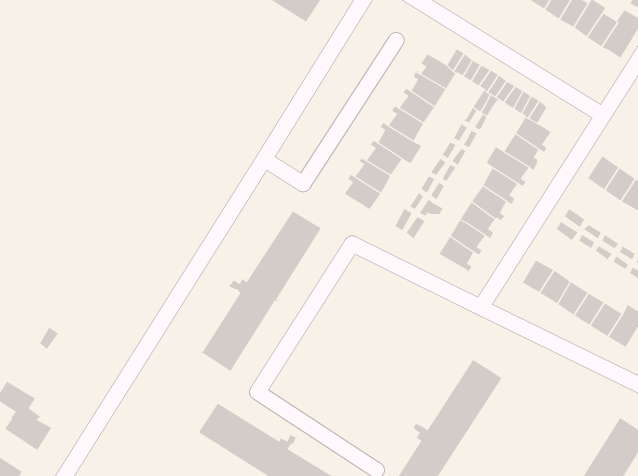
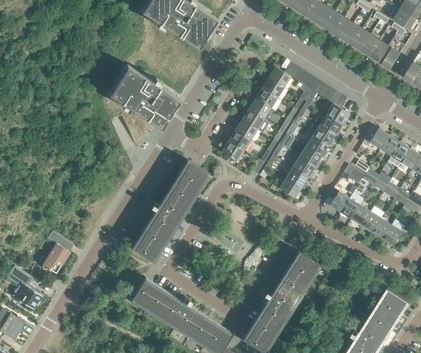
building: none -> [107,65,178,127]
building: none -> [38,232,73,275]

